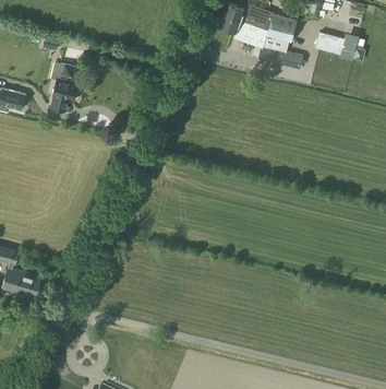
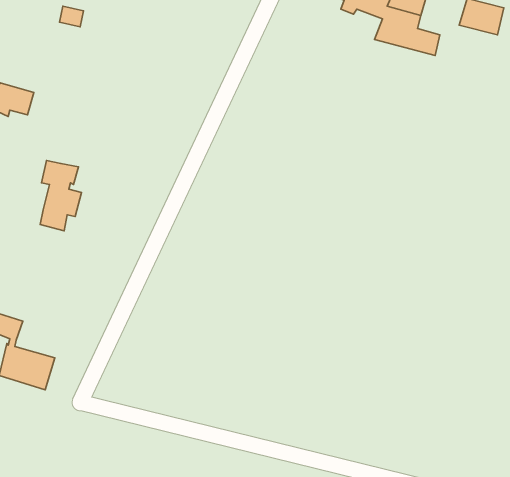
building: [51,61,80,109] -> [40,160,82,231]

